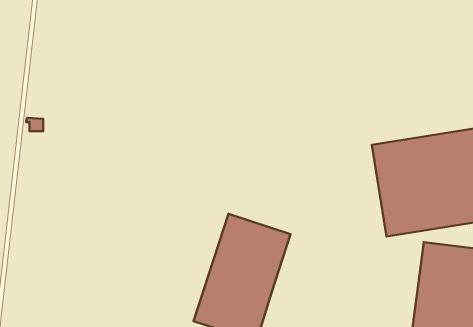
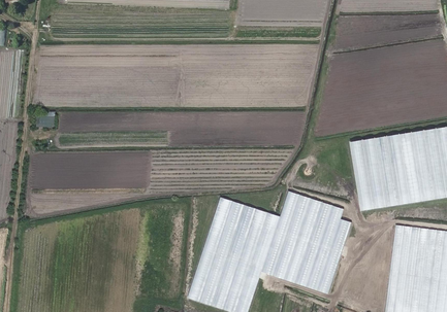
building: none -> [257,188,354,294]

